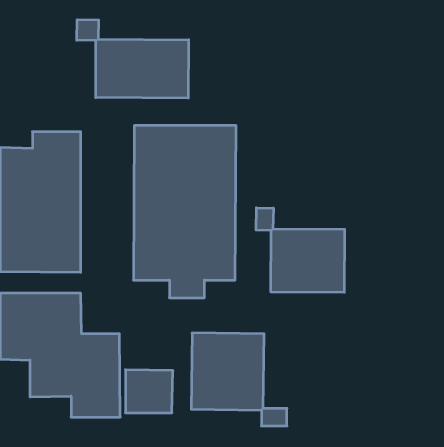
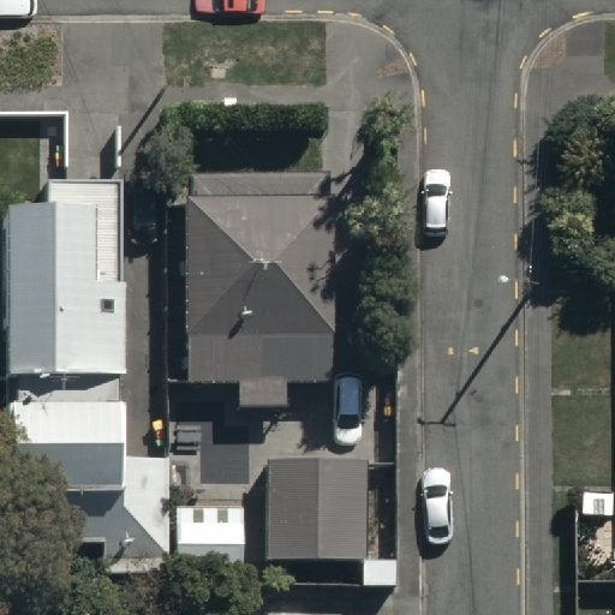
building: [77,20,189,98] -> none
building: [256,208,345,292] -> none

